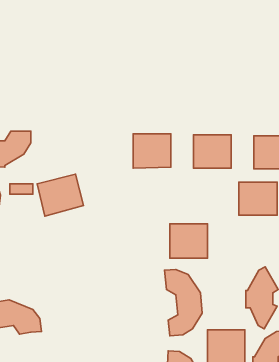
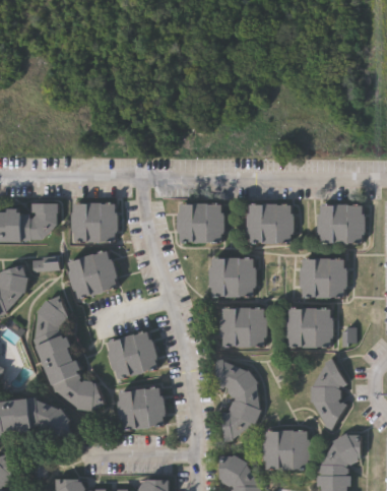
building: none -> [72,202,118,242]
building: none -> [210,258,255,297]
building: none -> [34,295,104,410]
building: none -> [288,309,331,348]
building: none -> [109,330,160,378]
building: none -> [119,386,168,429]

